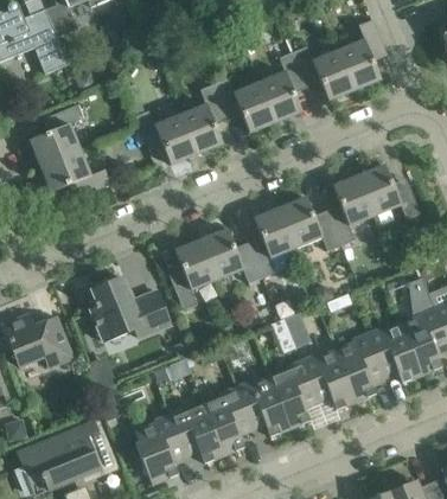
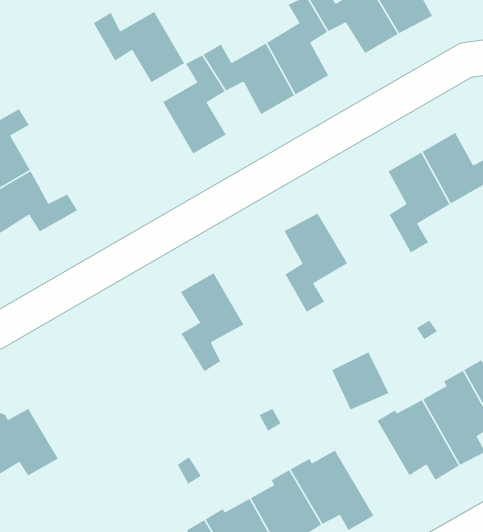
building: [135,110,197,165] -> [93,11,185,83]
building: [280,197,341,250] -> none
building: [200,229,262,283] -> none
building: [90,276,173,341] -> none
building: [269,360,319,428] -> none

